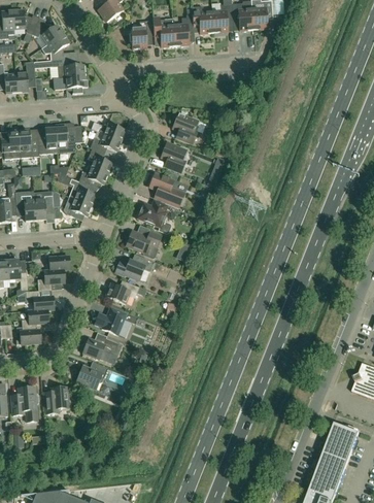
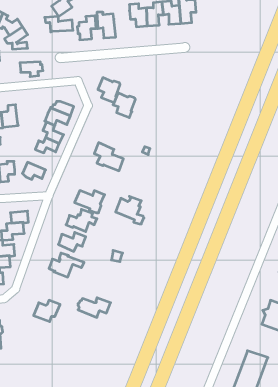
building: [173,13,194,45] -> none
building: [50,59,84,77] -> [45,16,73,32]
building: [55,123,75,152] -> none
building: [161,141,188,171] -> [98,78,120,102]
building: [57,172,96,205] -> none
building: [137,199,171,232] -> [116,196,144,224]
building: [83,337,123,361] -> [78,298,111,317]
building: [43,385,70,412] -> none

